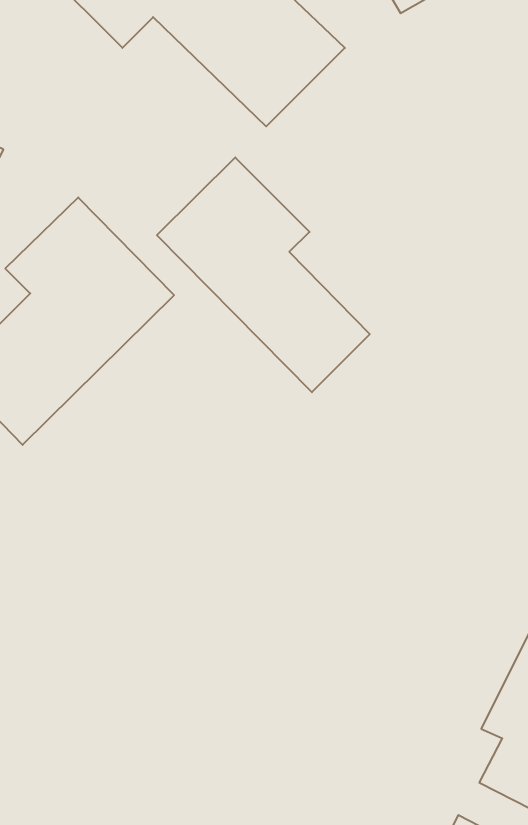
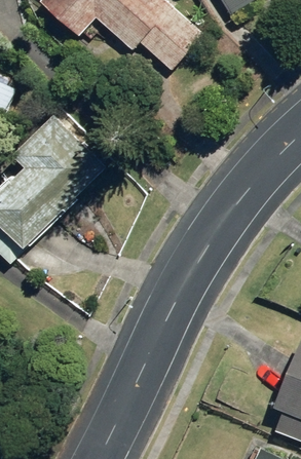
building: [157,157,370,392] -> none

